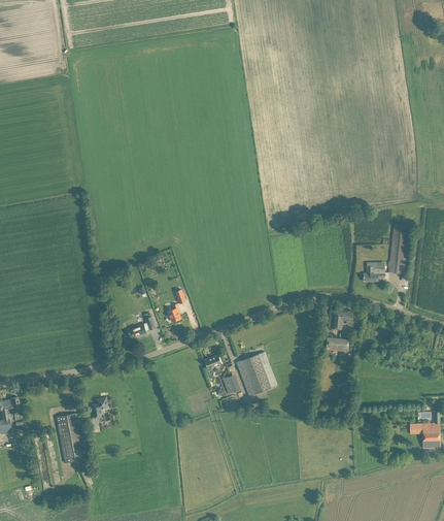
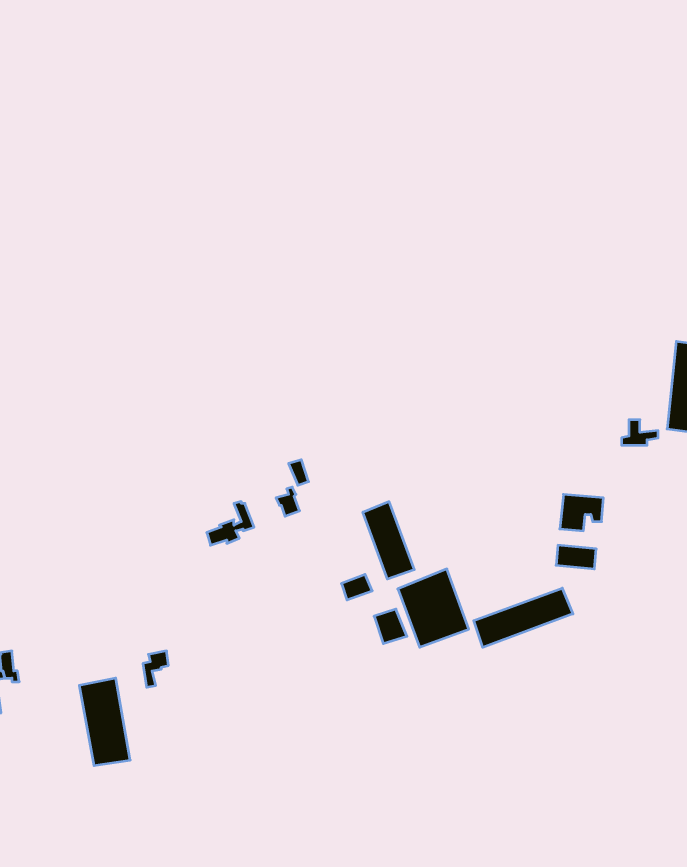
building: none -> [363,502,414,579]
building: none -> [474,588,573,647]

